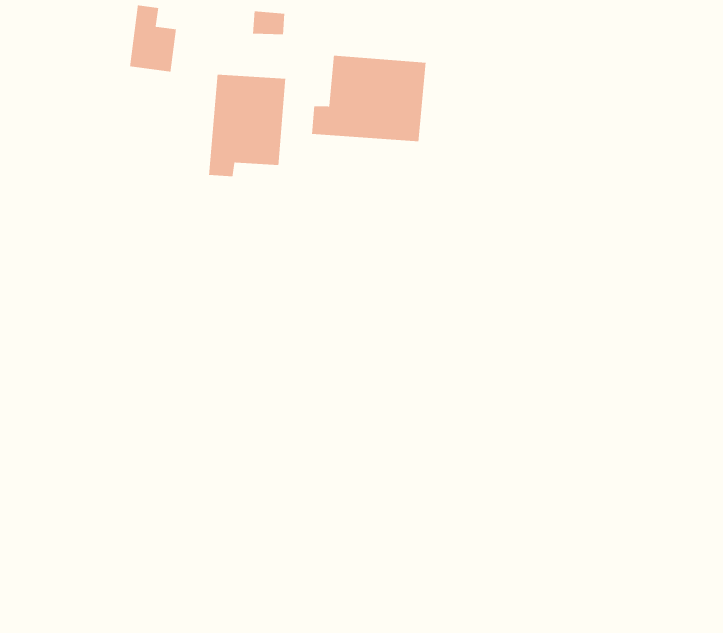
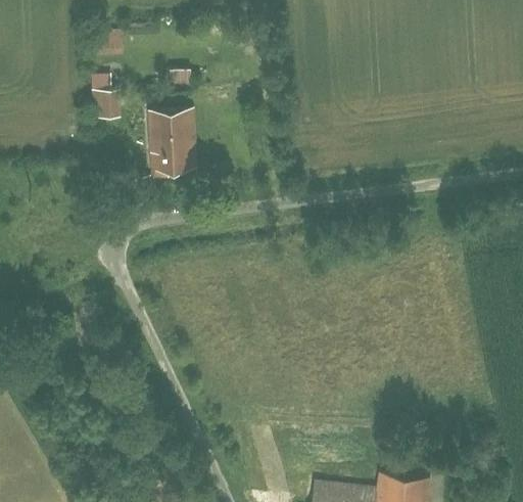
building: [311,55,426,142] -> none

